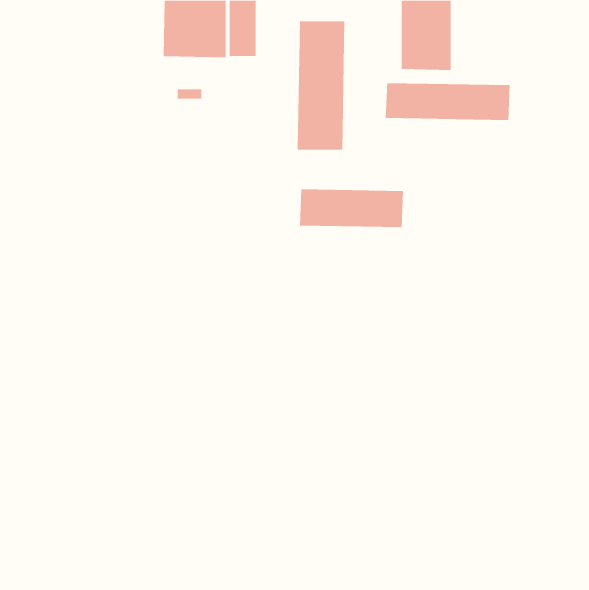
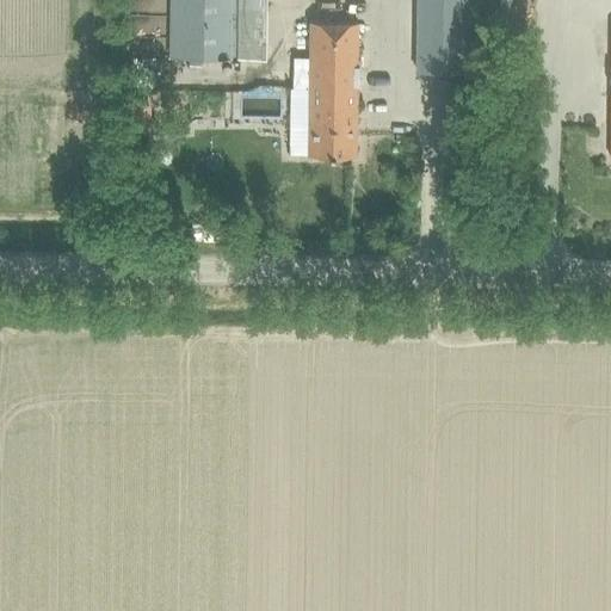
building: [385,82,510,121] -> none
building: [300,189,403,228] -> none

